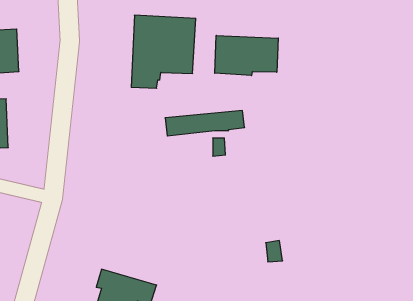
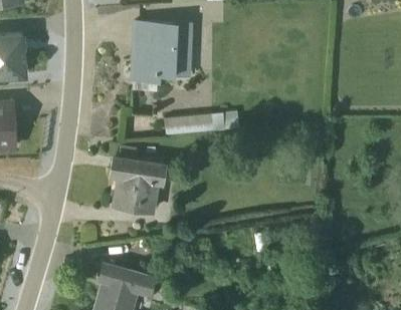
building: [215,35,278,76] -> none
building: none -> [111,146,167,212]

